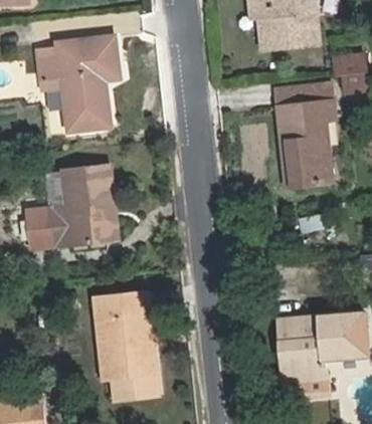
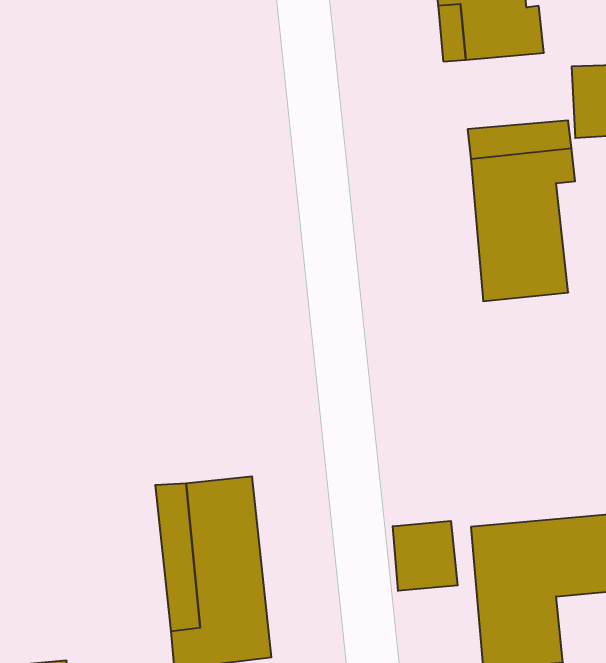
building: [36,34,121,134] -> none
building: [27,165,119,249] -> none
building: none -> [393,521,458,591]

